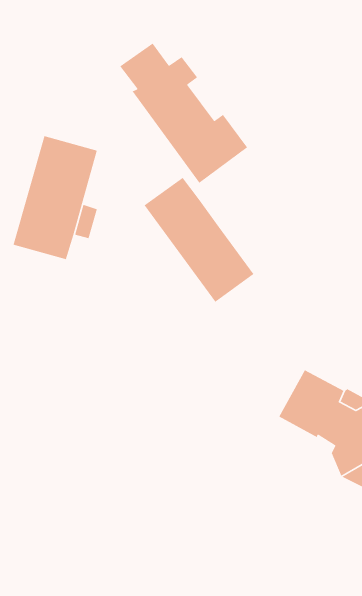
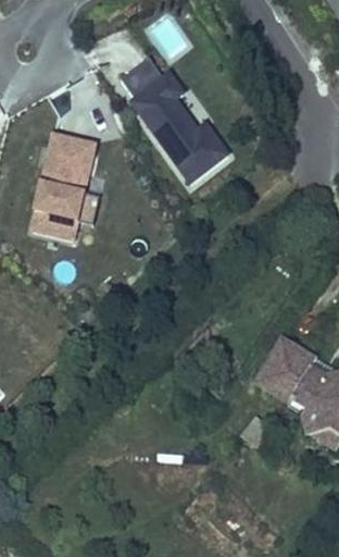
building: [143,177,254,303] -> none

